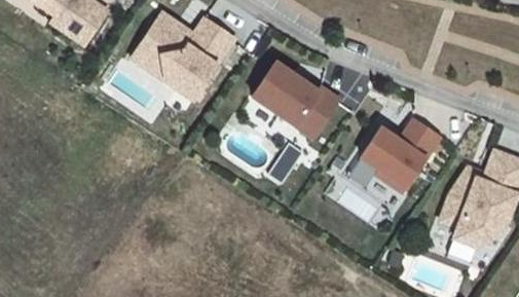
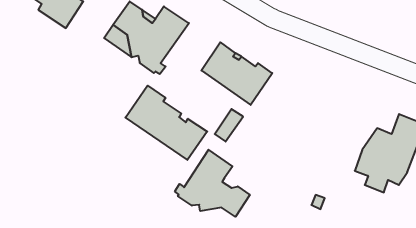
building: none -> [125,86,207,160]
building: [356,132,434,202] -> none
building: none -> [175,150,250,217]

